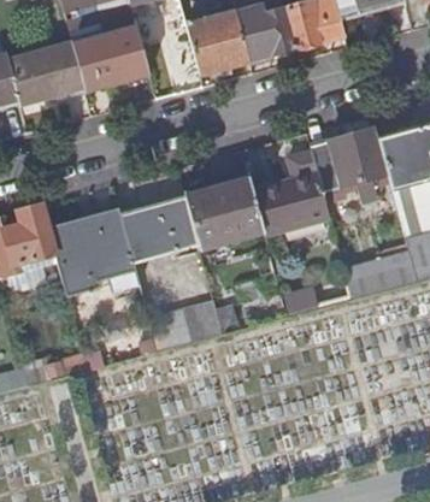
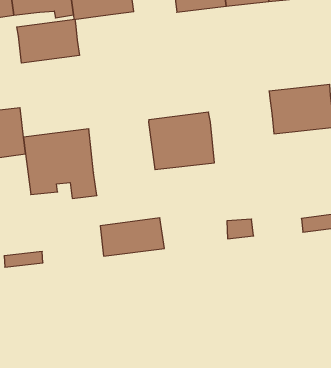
building: none -> [17,19,79,63]
building: [252,149,330,231] -> none
building: [120,197,196,261] -> none

